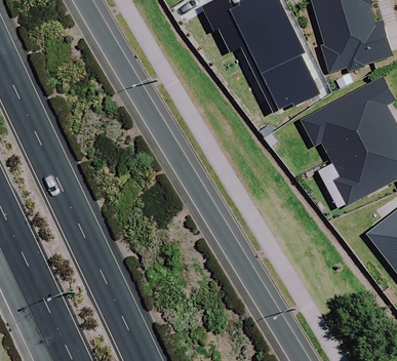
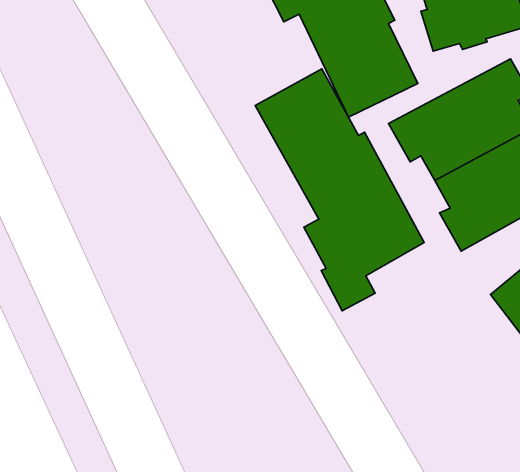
building: none -> [255,69,424,311]

